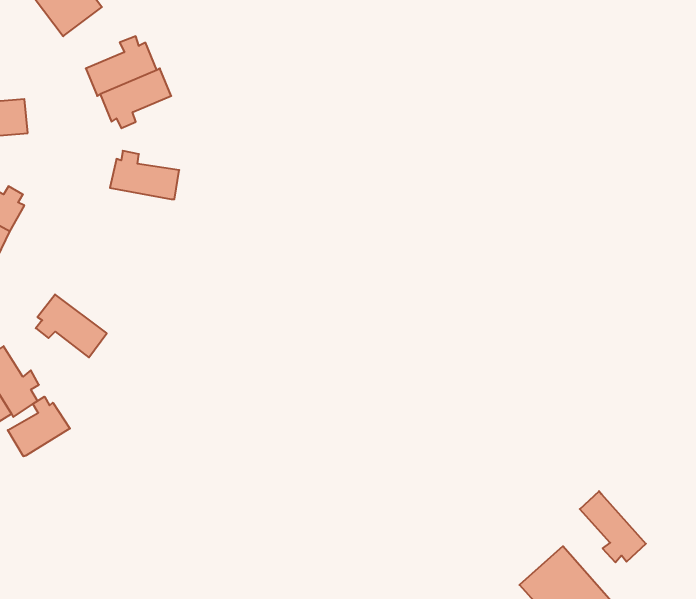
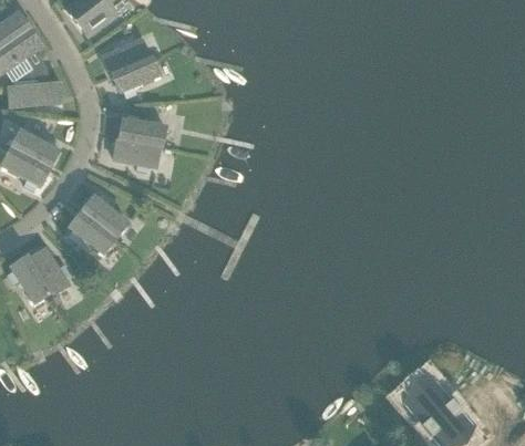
building: none -> [113,137,161,170]
building: none -> [81,191,128,237]
building: [8,397,70,456] -> none
building: [580,491,646,562] -> none

